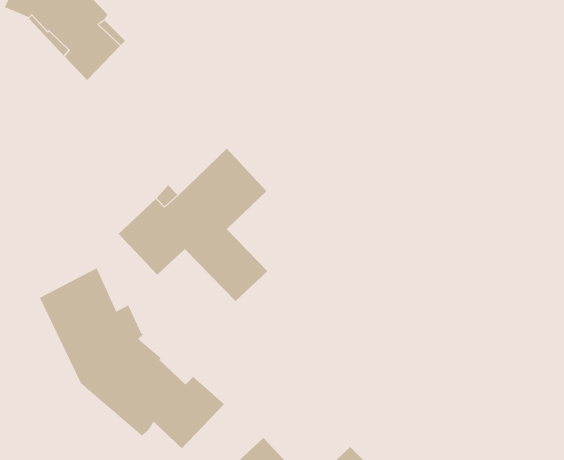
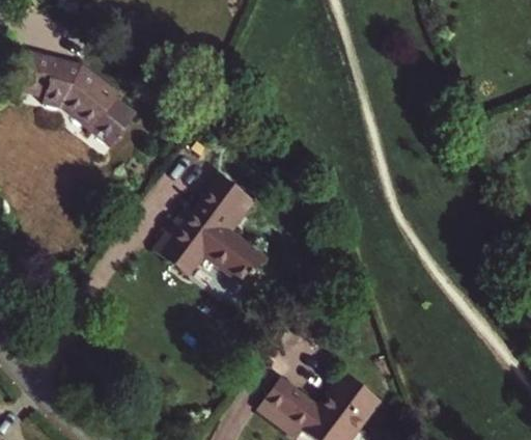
building: [39,267,225,449] -> none

